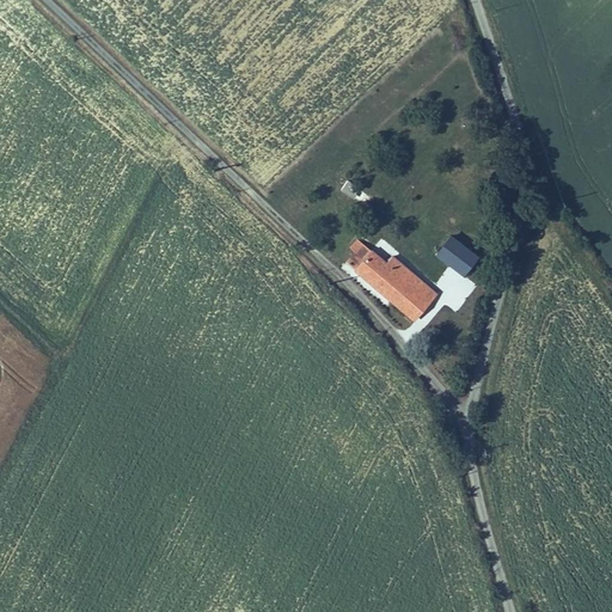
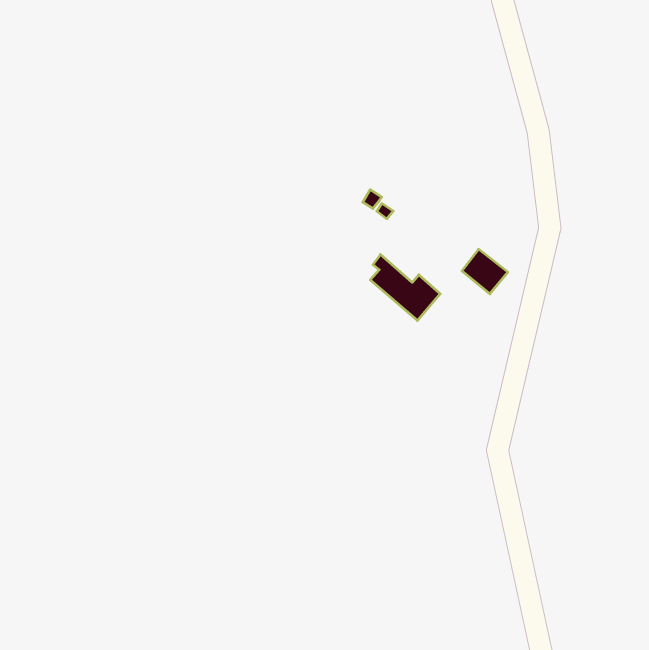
building: [393,276,436,320] -> none

